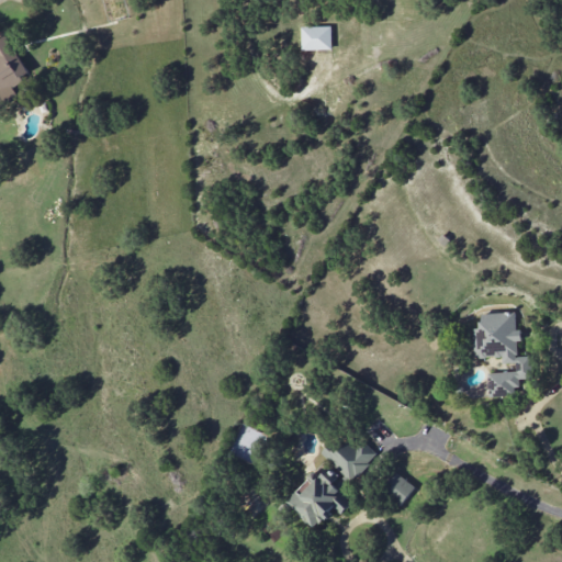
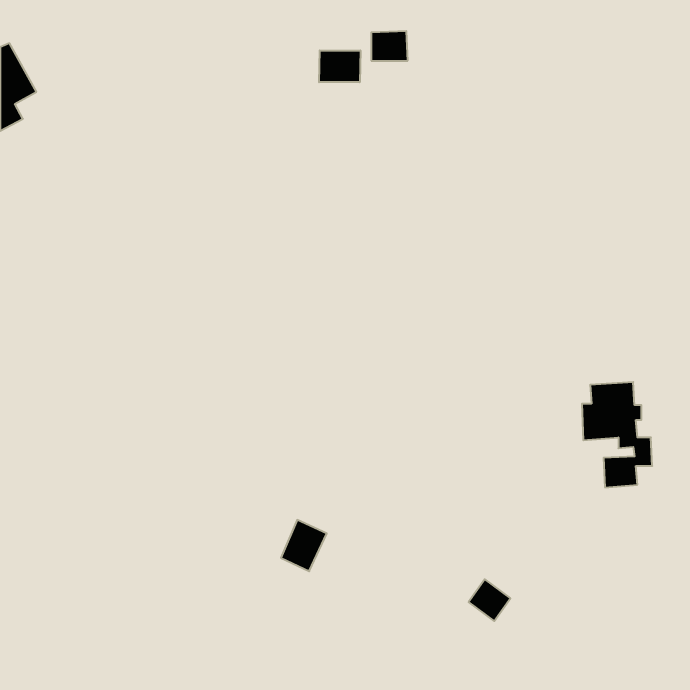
building: none -> [319,50,360,82]
building: [285,438,379,529] -> none

